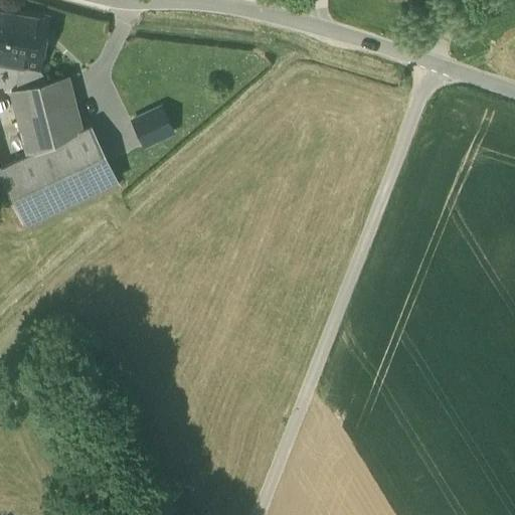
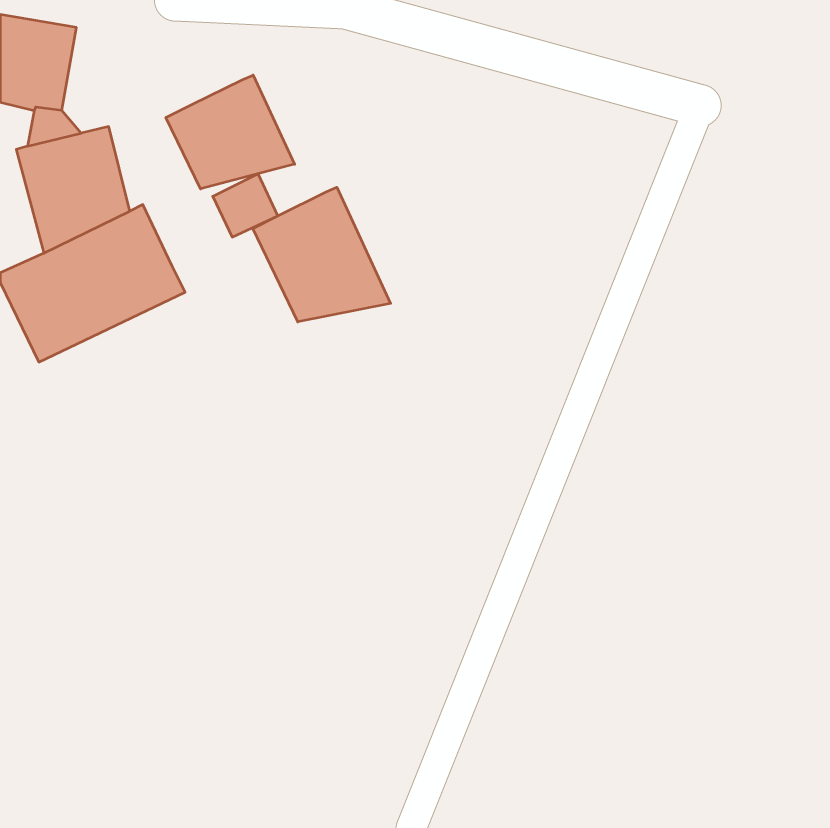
building: none -> [166,75,295,189]
building: none -> [253,187,391,322]

